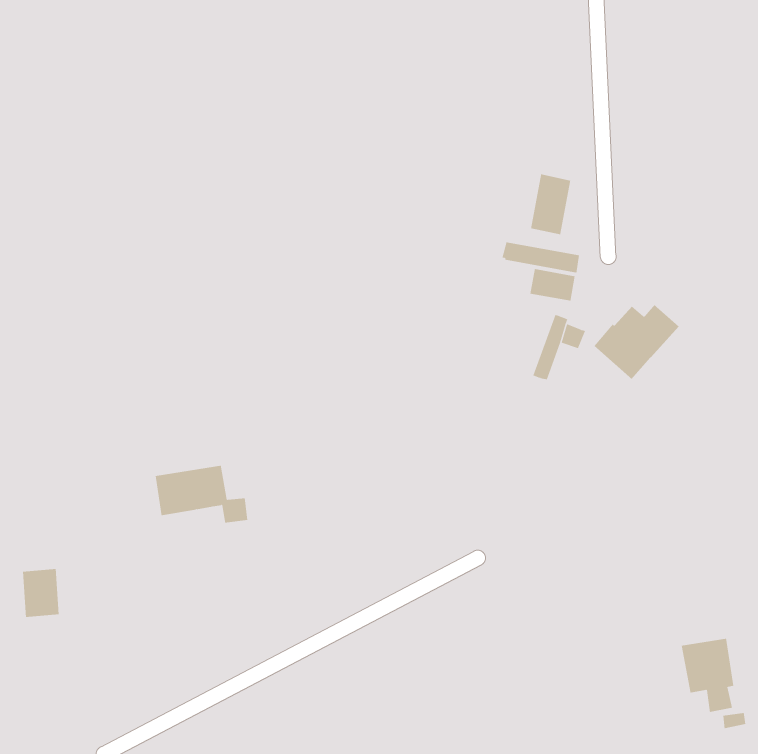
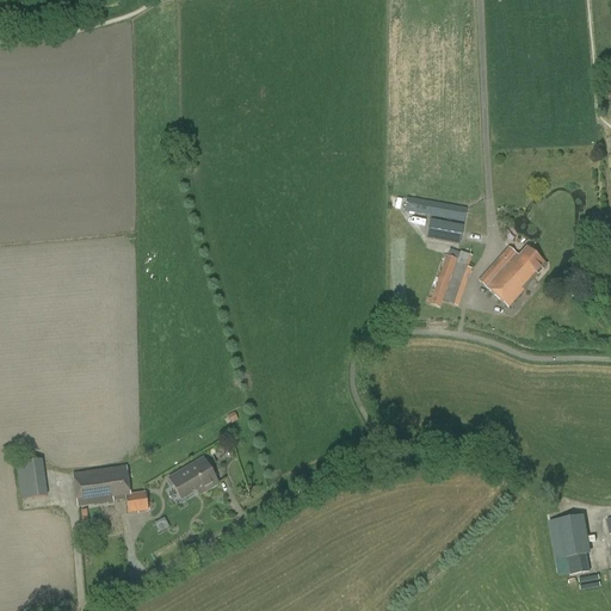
building: [531,174,571,235] -> none
building: [155,465,248,523] -> [72,463,147,510]
building: none -> [168,455,217,496]

